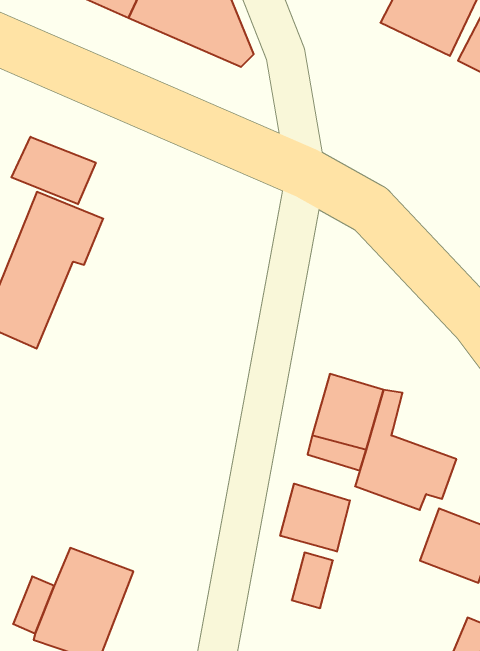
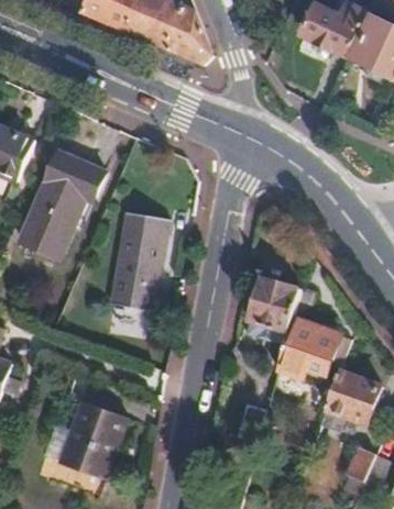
building: [11,137,96,204] -> none
building: none -> [112,214,168,313]
building: [280,484,350,552] -> none

